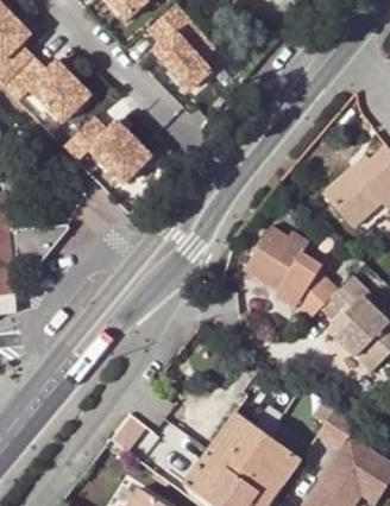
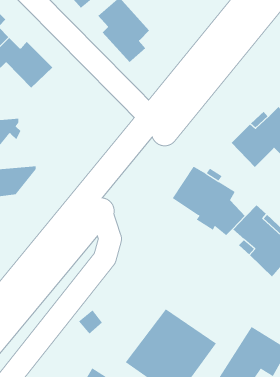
building: [61,121,147,188] -> none

